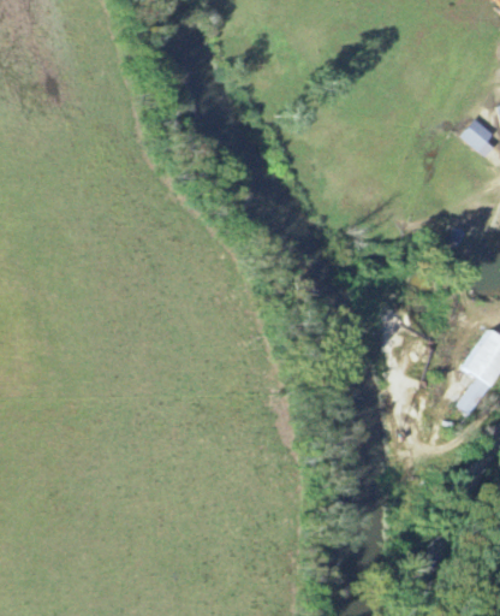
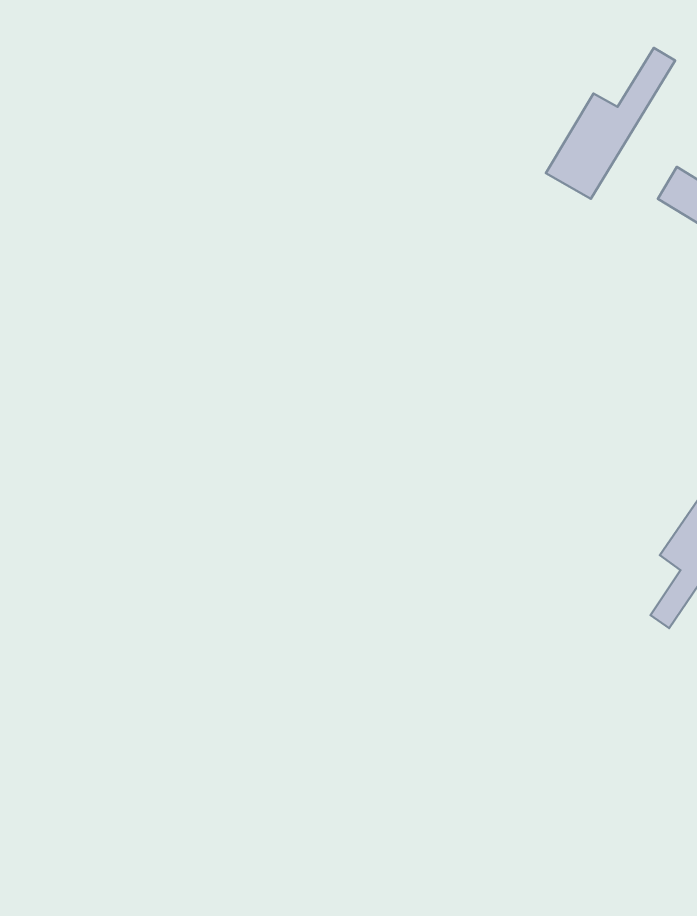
building: none -> [546,48,675,199]

